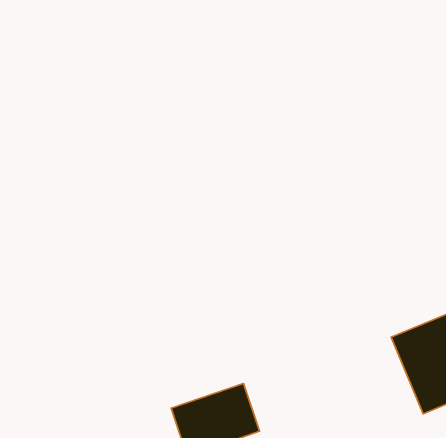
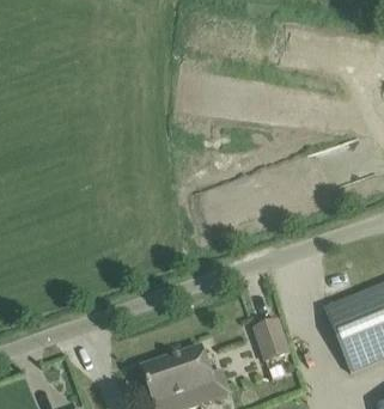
building: none -> [255,319,289,359]

